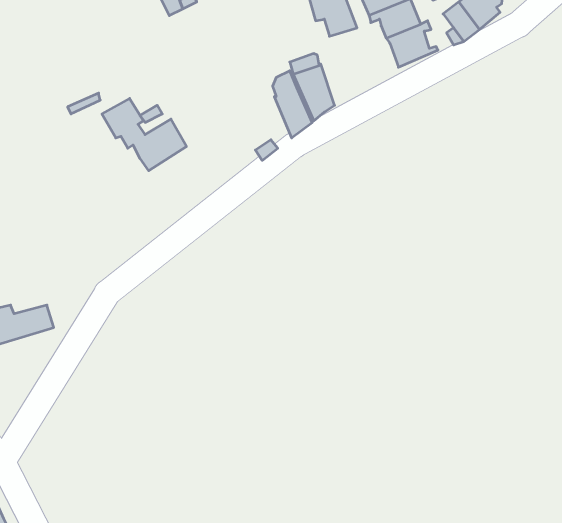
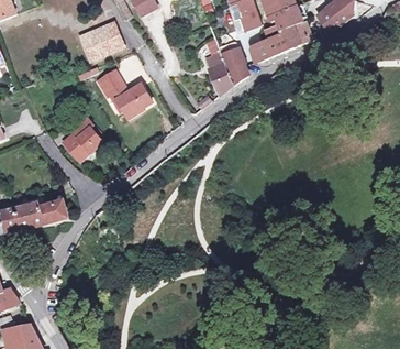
building: none -> [251,23,288,62]
building: none -> [81,24,122,59]
building: none -> [64,112,103,159]

